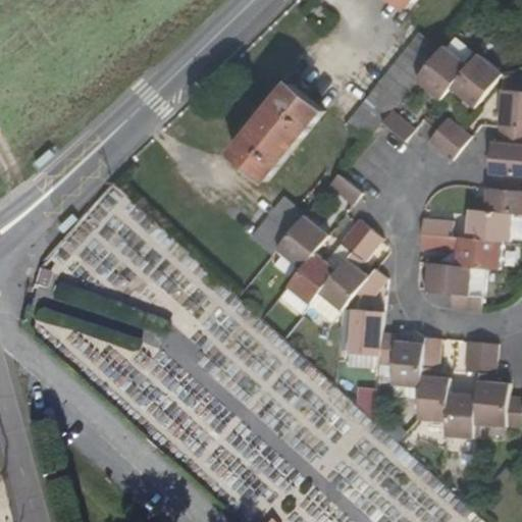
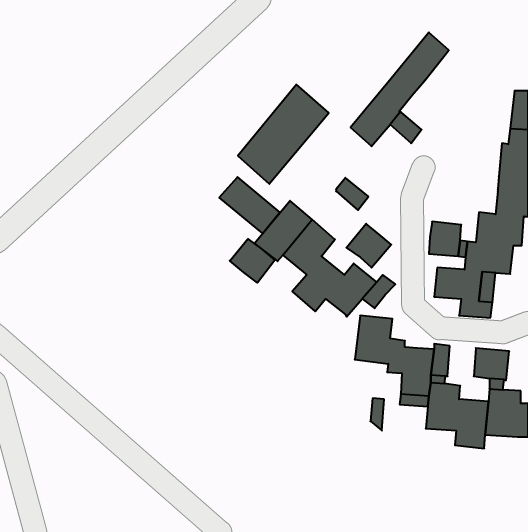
building: [415,44,503,107] -> none
building: [425,116,470,160] -> none
building: none -> [219,177,280,234]
building: none -> [230,239,275,283]

